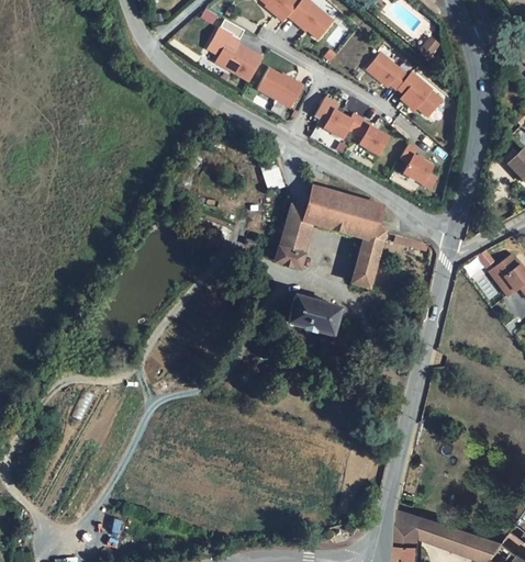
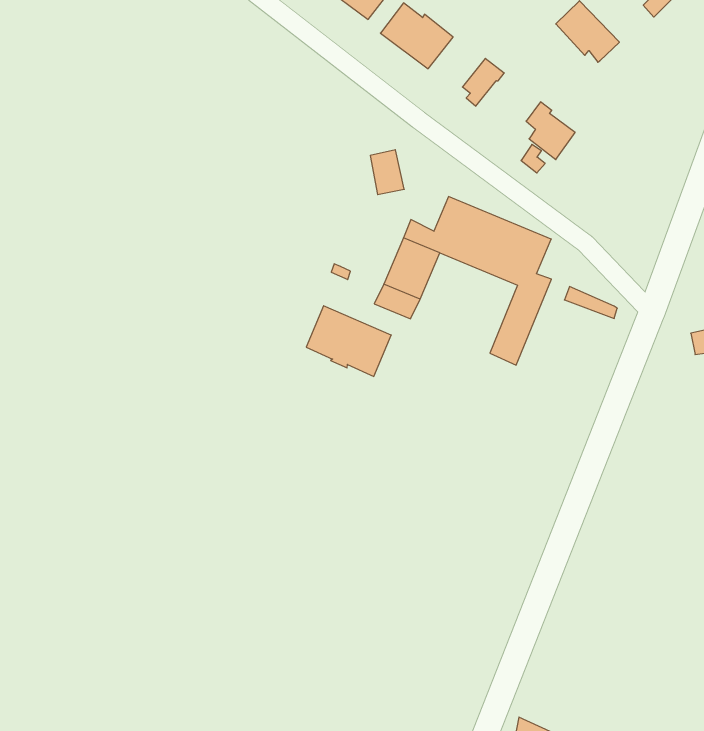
building: [398,71,442,116] -> none
building: [323,110,364,138] -> none
building: [400,145,432,183] -> none
building: [287,294,339,335] -> [306,306,391,376]

